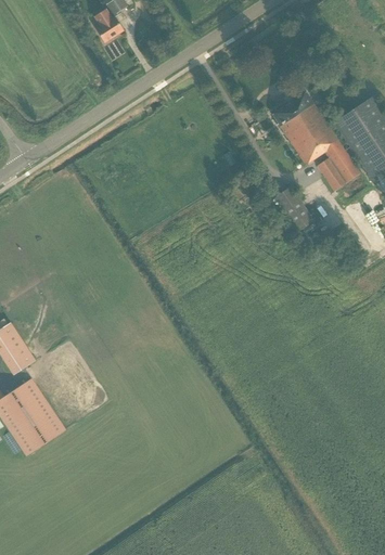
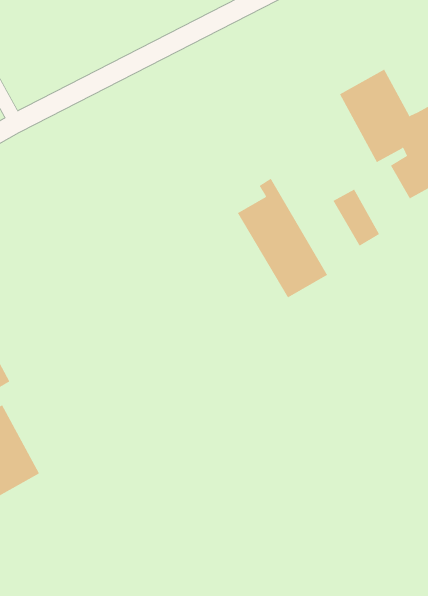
building: none -> [237,178,328,298]

